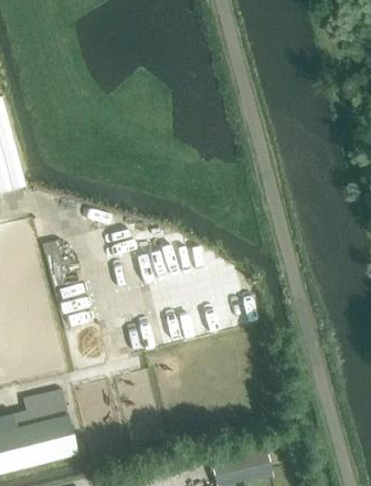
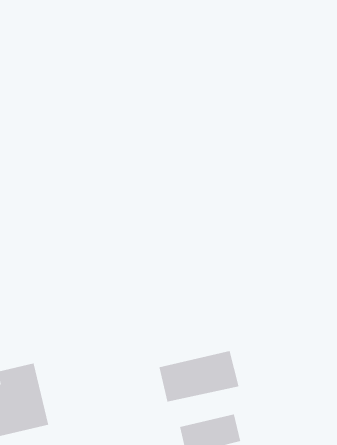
building: none -> [158,350,239,403]

